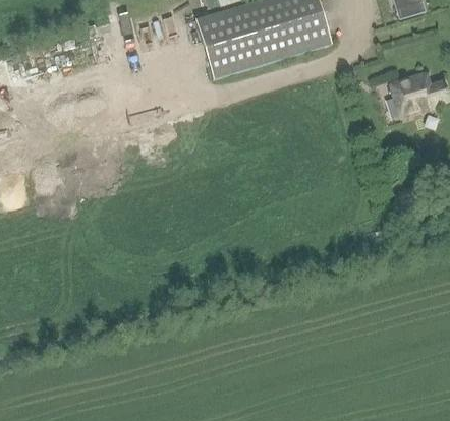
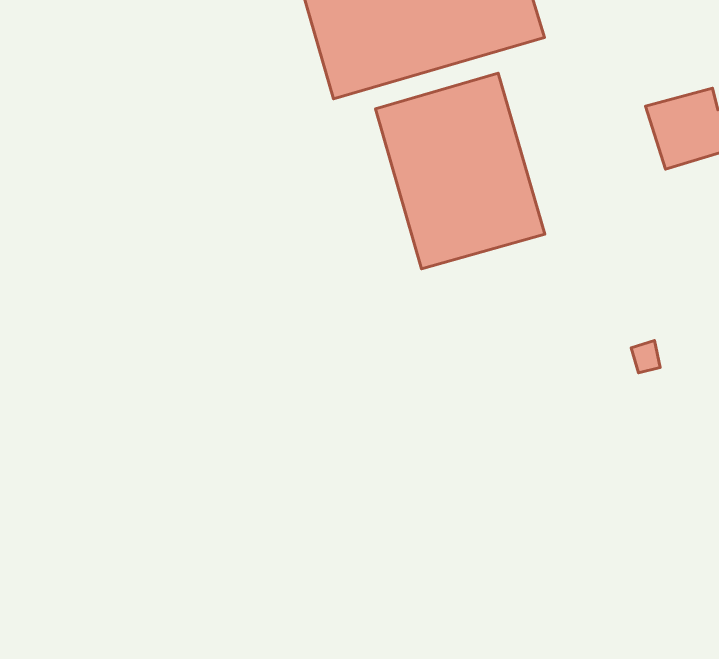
building: none -> [376,73,545,269]

